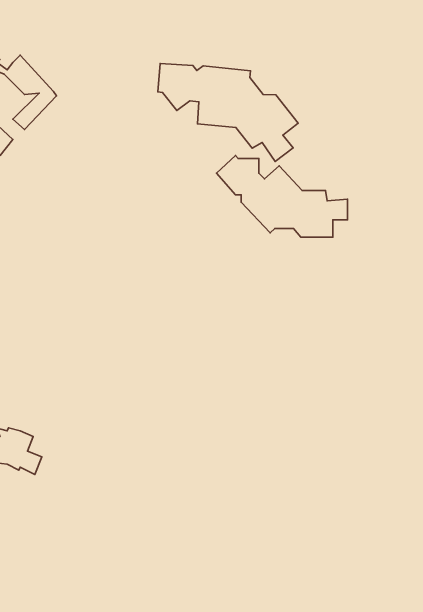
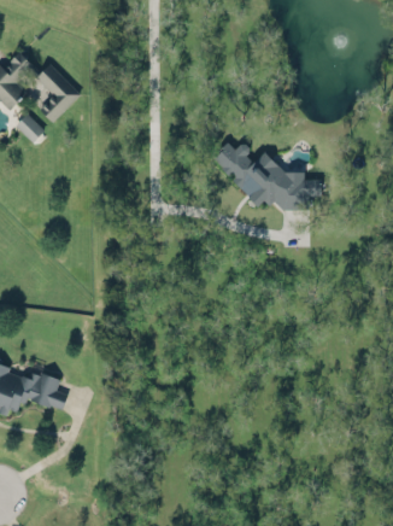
building: [158,63,298,162] -> none

